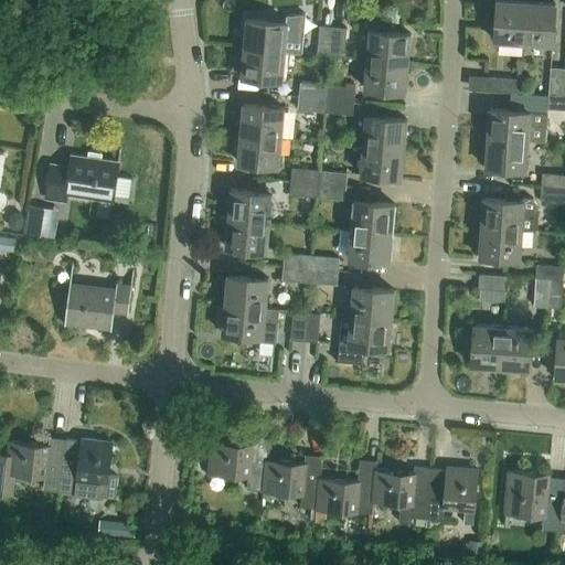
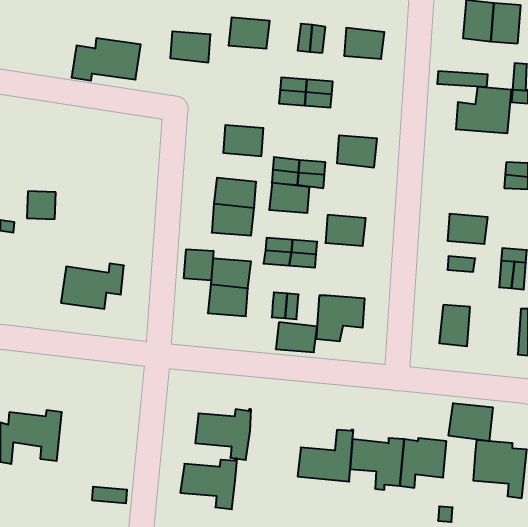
building: [242,50,285,83] -> [170,31,211,62]
building: [364,61,407,94] -> none
building: [241,106,284,138] -> none
building: [362,117,405,149] -> none
building: [484,139,527,172] -> none
building: [45,158,119,203] -> [71,38,141,81]
building: [480,201,539,234] -> none
building: [350,202,393,234] -> [269,183,309,213]
building: none -> [184,249,213,281]
building: [349,288,393,320] -> [276,322,317,352]
building: [499,329,532,373] -> none
building: none -> [449,403,493,441]
building: [61,440,118,500] -> none
building: [263,456,323,510] -> [180,459,237,509]

